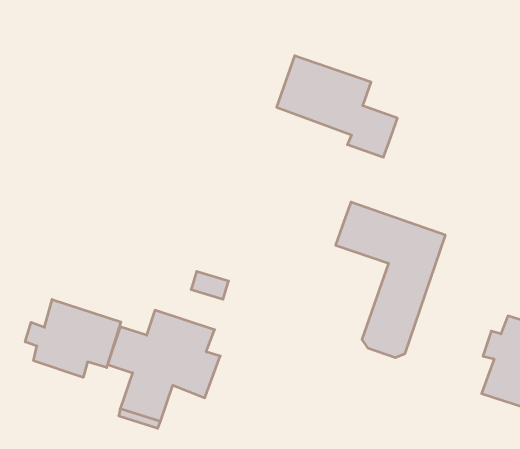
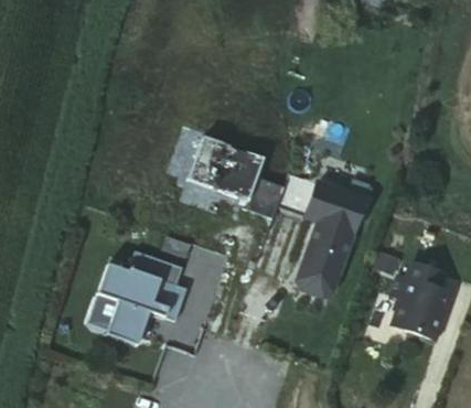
building: [277,56,397,157] -> [186,137,282,217]
building: [25,299,121,377] -> none

